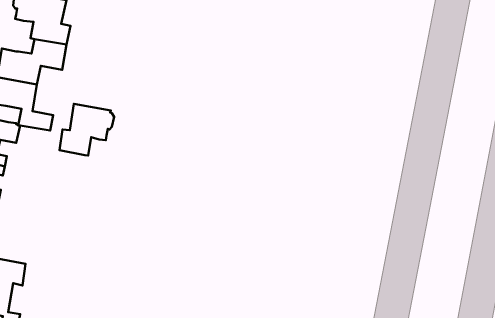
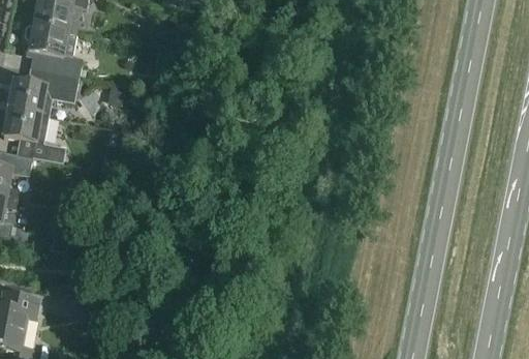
building: [59,104,114,156] -> none

